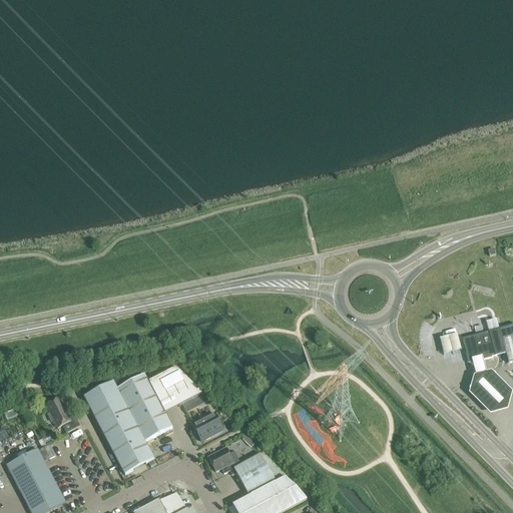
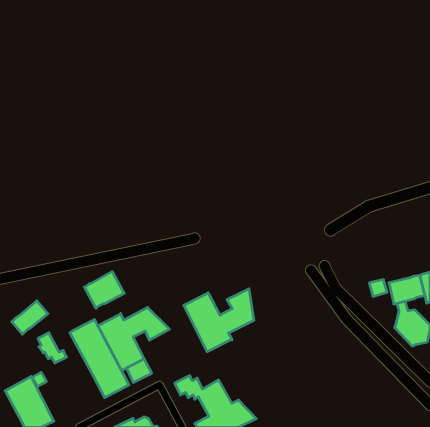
building: none -> [84,272,124,308]
building: none -> [184,289,254,352]
building: none -> [12,301,48,334]
building: [192,411,222,439] -> [126,359,152,382]

